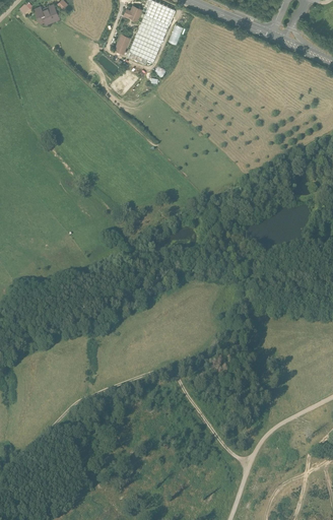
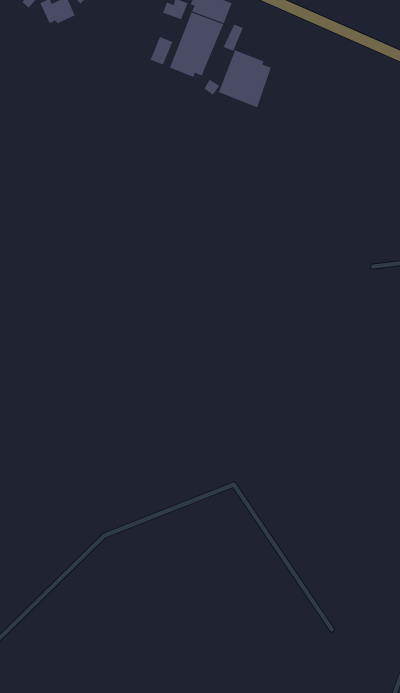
building: none -> [218,49,272,108]

